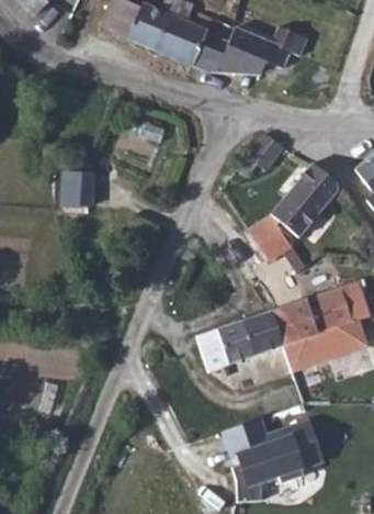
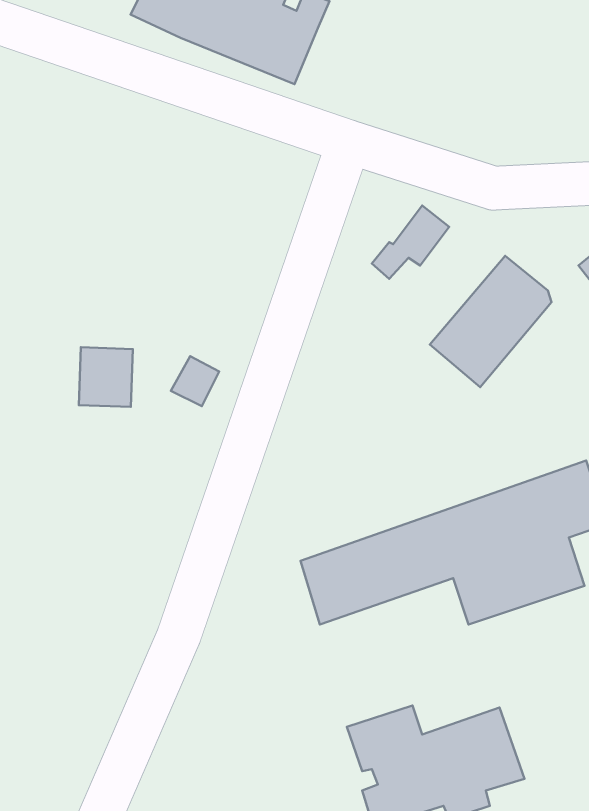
building: [194,26,308,72] -> none
building: [63,171,93,205] -> [79,347,133,407]
building: [249,213,298,261] -> none

